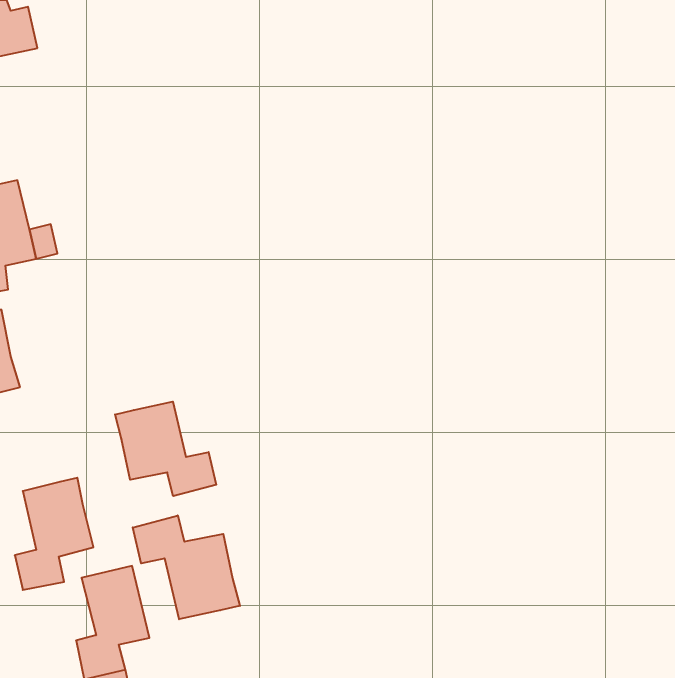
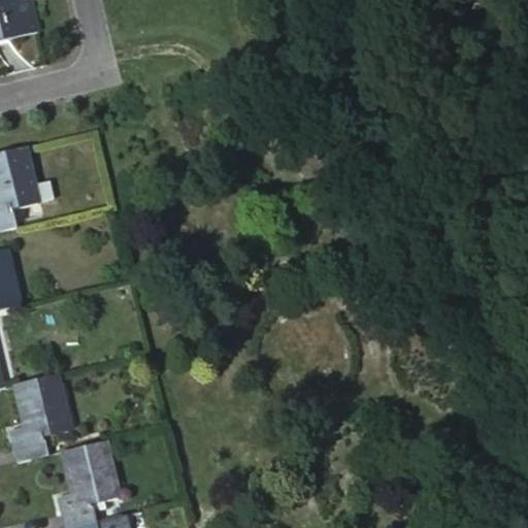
building: [115,402,216,496] -> none
building: [133,515,240,619] -> none

